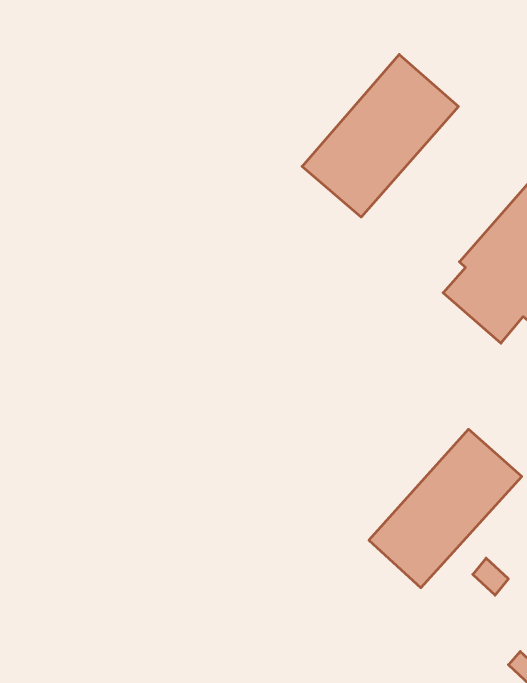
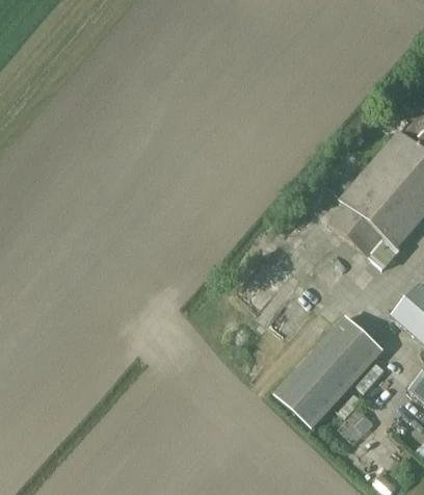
building: [302,54,458,217] -> none

